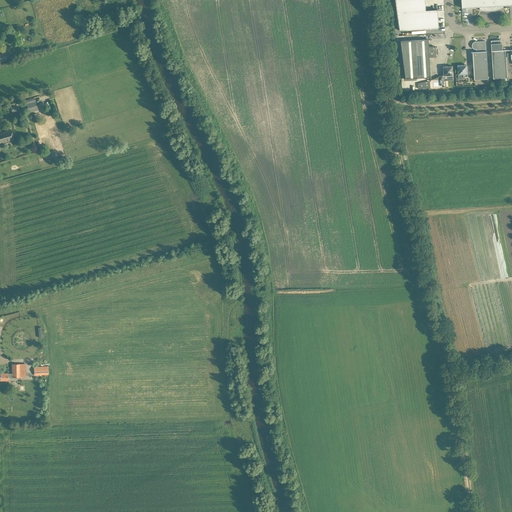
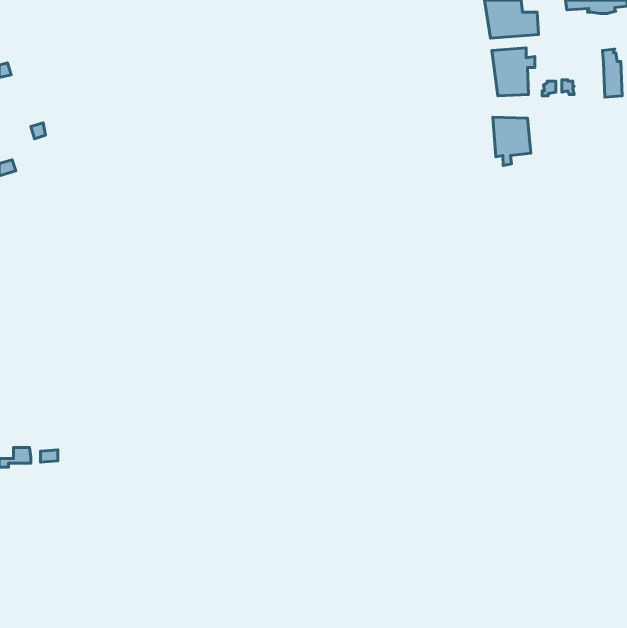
building: [471,41,487,80] -> none
building: none -> [493,117,531,165]

